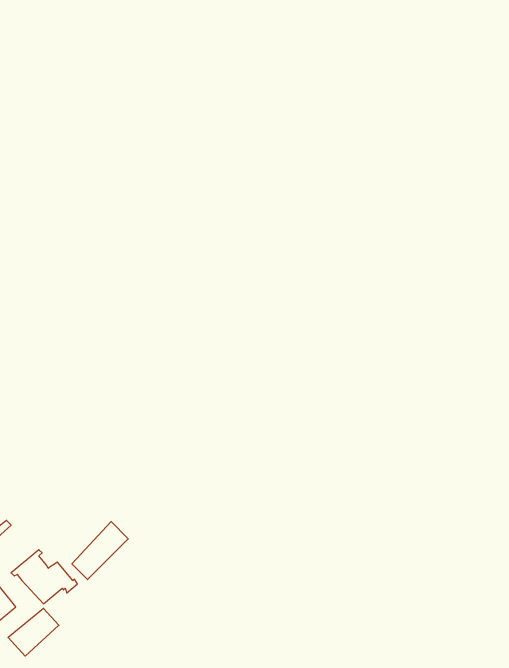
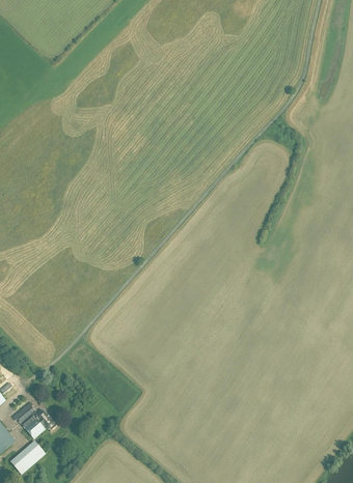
building: [72,522,128,580] -> none

